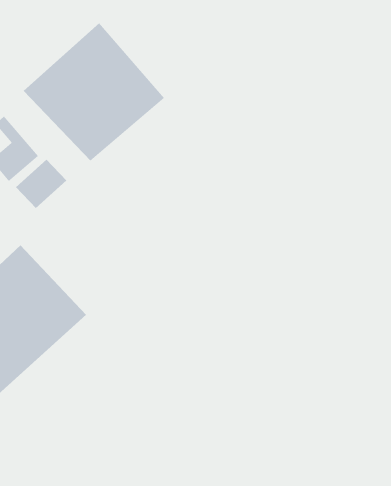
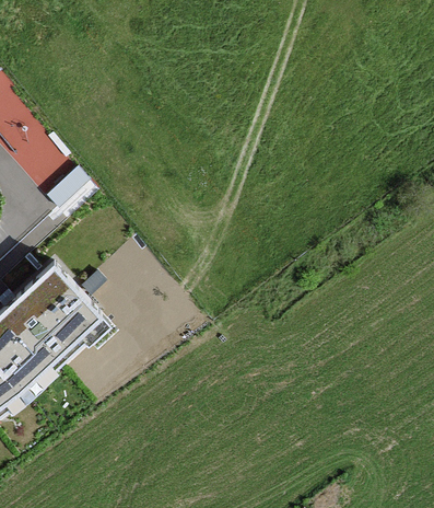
building: [23,23,165,162] -> none

